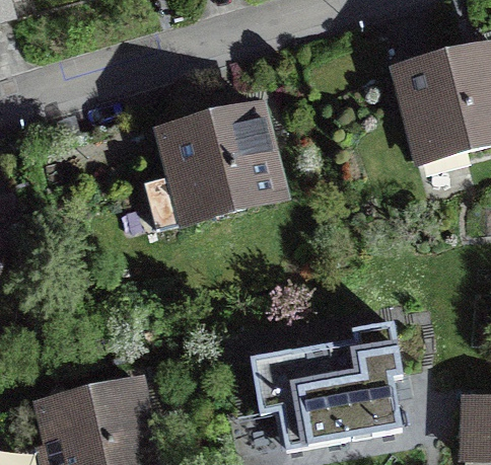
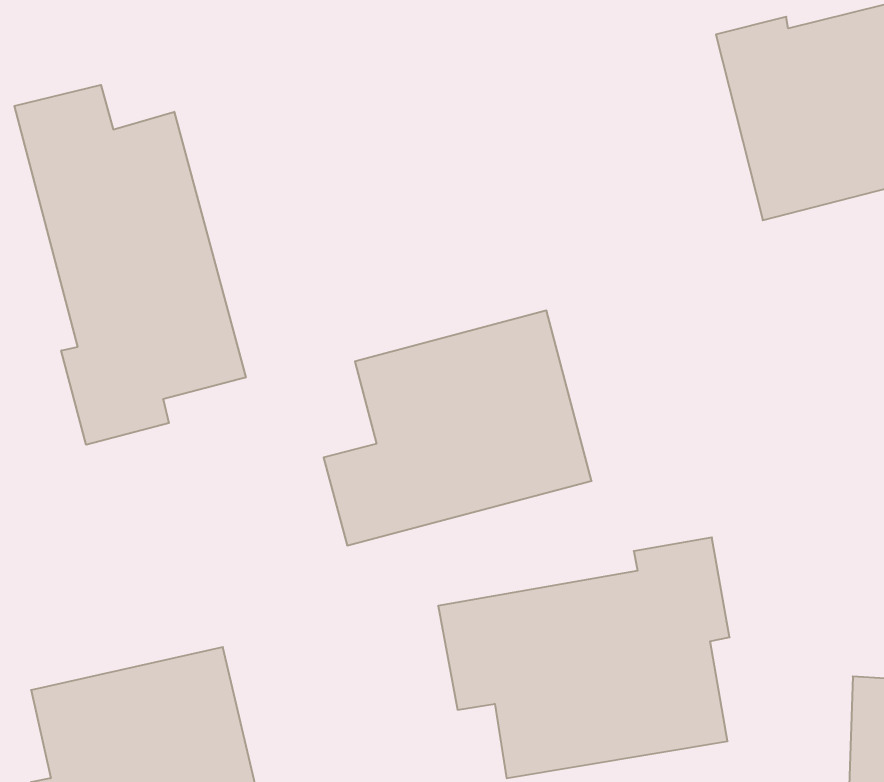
building: none -> [14,85,246,445]
building: [144,105,283,227] -> [324,311,592,545]

